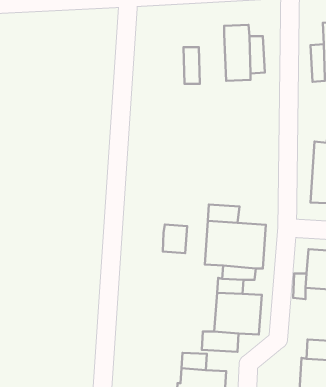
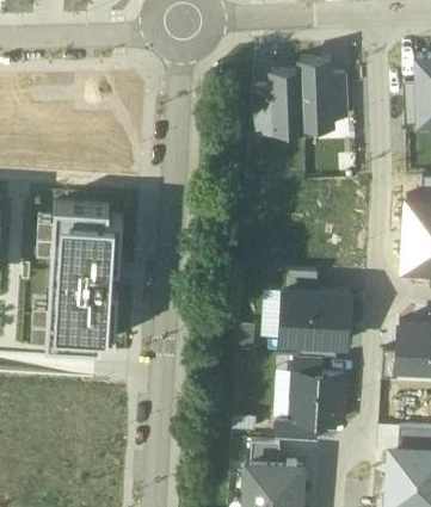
building: none -> [270,72,303,130]
building: none -> [45,204,123,348]
building: [163,225,187,253] -> none

